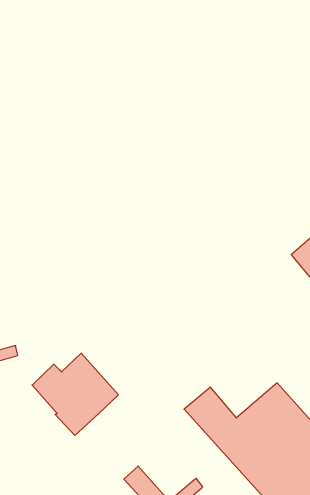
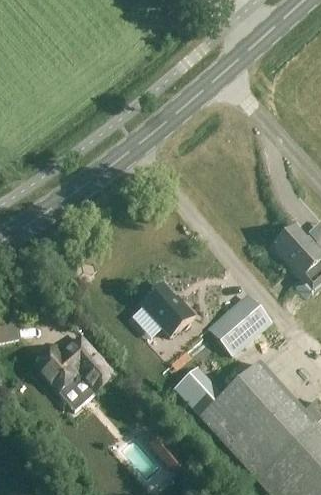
building: none -> [139,283,194,336]
building: none -> [208,296,269,356]

